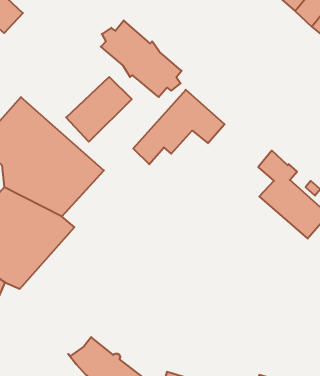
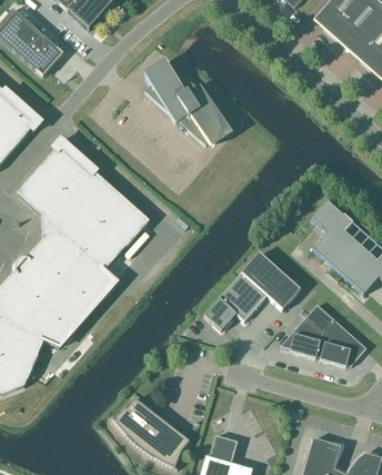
building: [66,77,132,142] -> none
building: [133,90,225,164] -> [204,251,301,330]
building: none -> [281,303,368,366]

